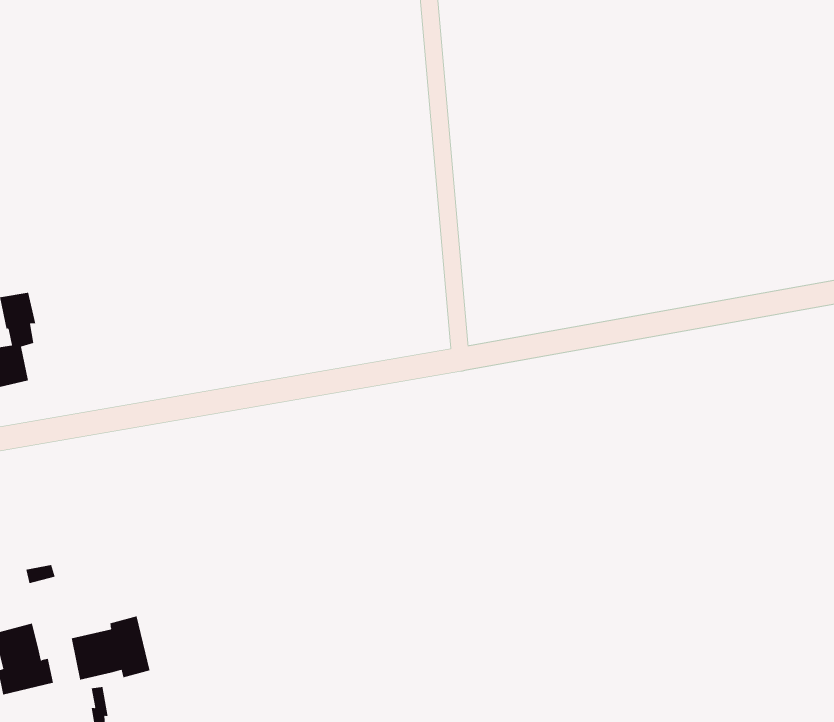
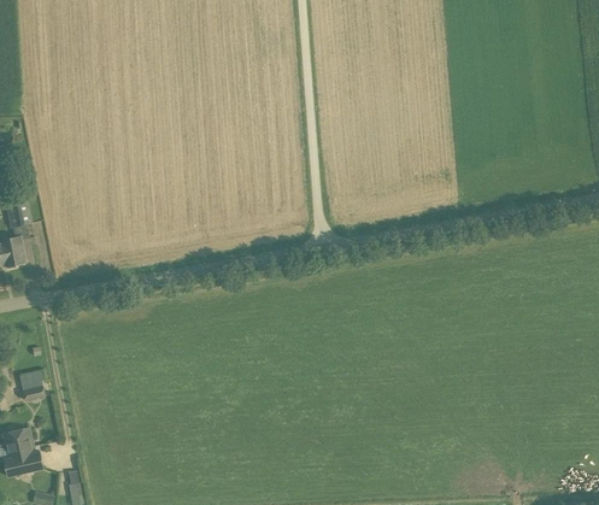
building: [71,616,150,681] -> none

